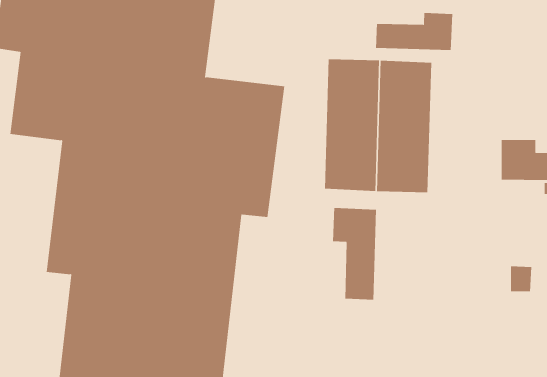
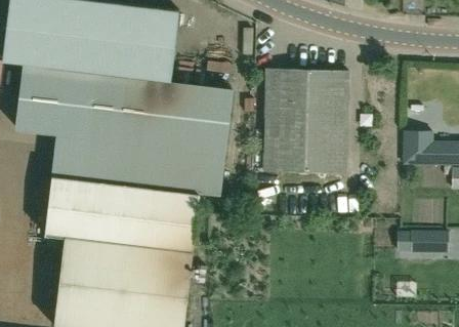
building: [375,12,453,51] -> none
building: [332,207,376,300] -> none

